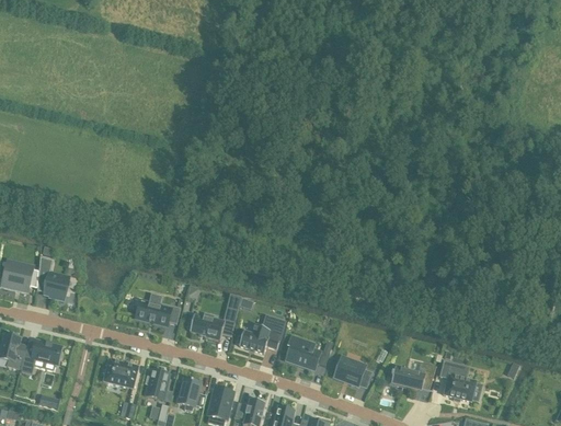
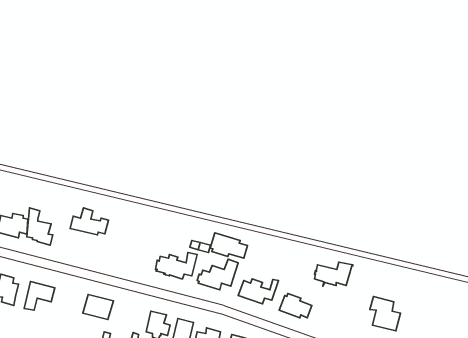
building: none -> [210,233,247,258]
building: [135,292,180,324] -> [70,208,109,235]
building: [390,361,435,390] -> [315,262,353,286]
building: [144,369,169,400] -> none

